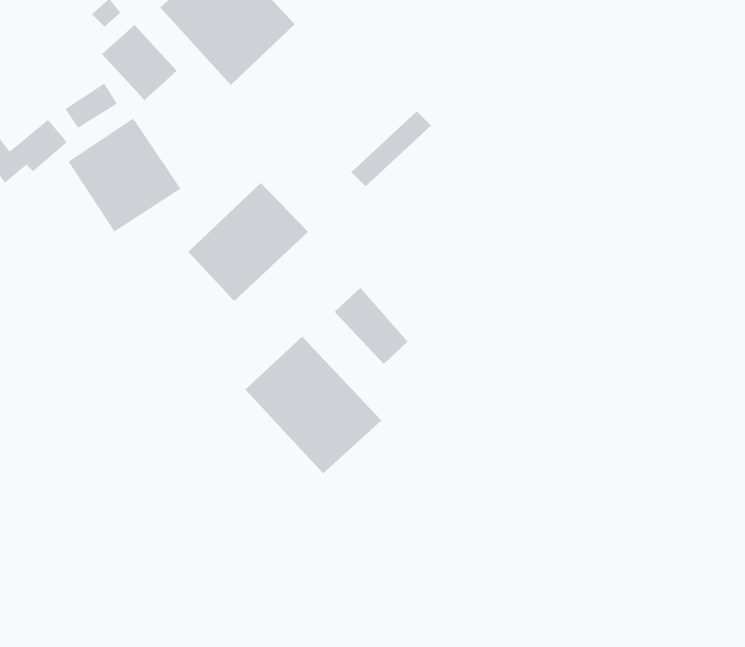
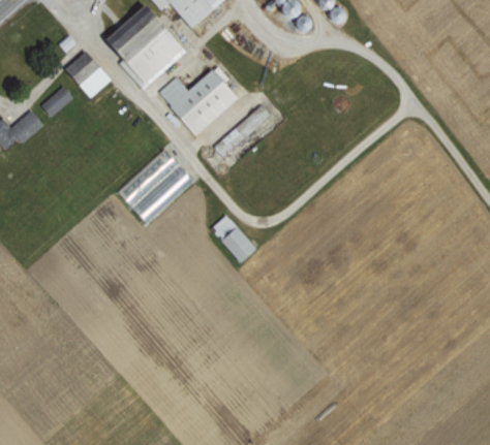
building: none -> [160,69,238,135]
building: [68,117,182,232] -> none
building: [245,336,382,474] -> none

